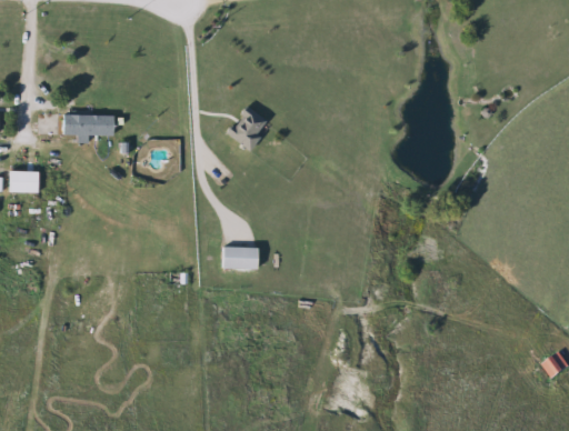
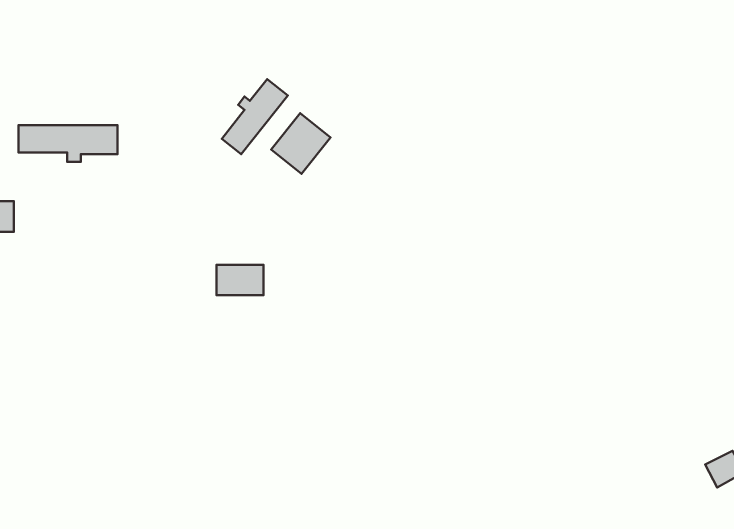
building: none -> [222,79,288,154]
building: [222,247,257,269] -> [216,265,264,295]

